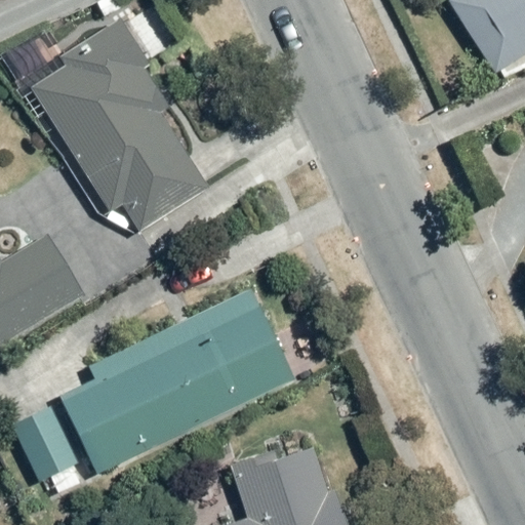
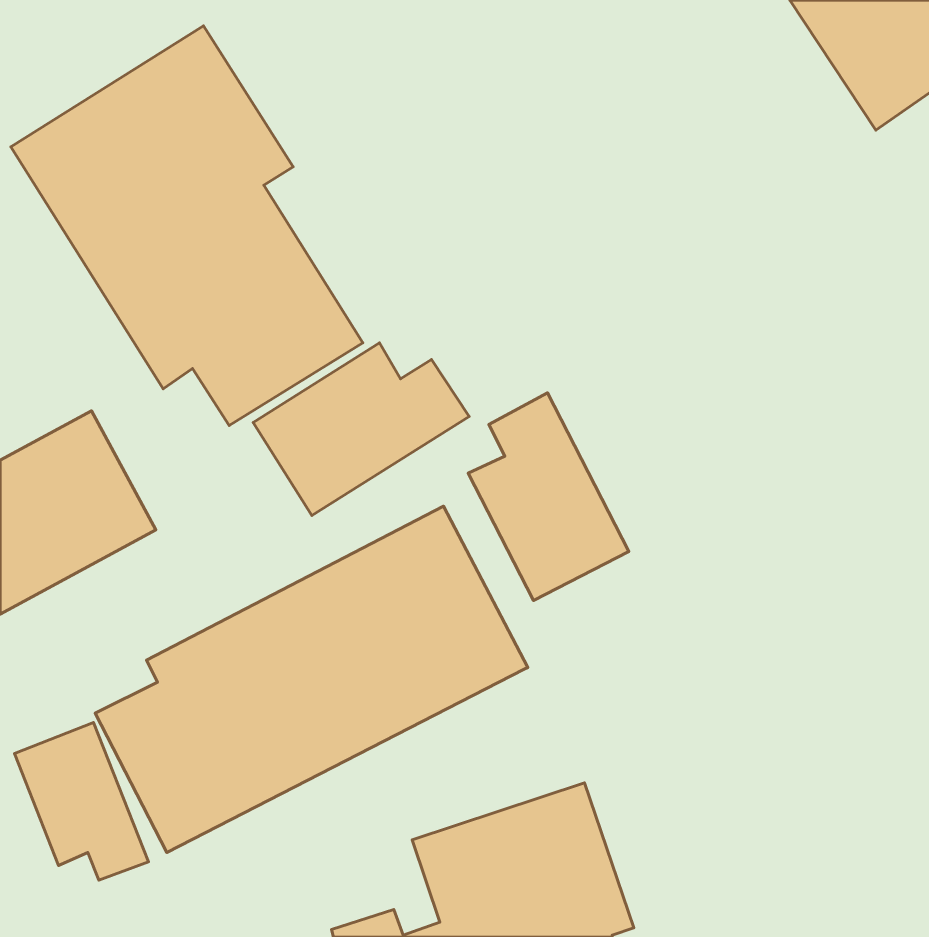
building: none -> [253,343,469,516]
building: none -> [468,393,629,601]

